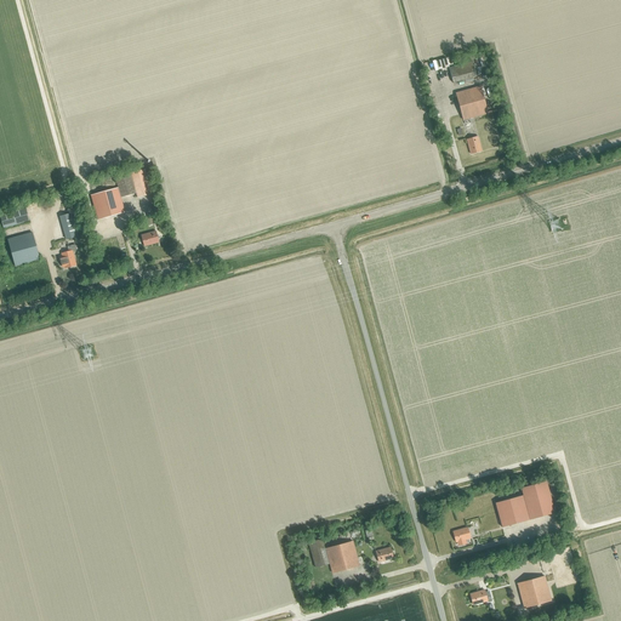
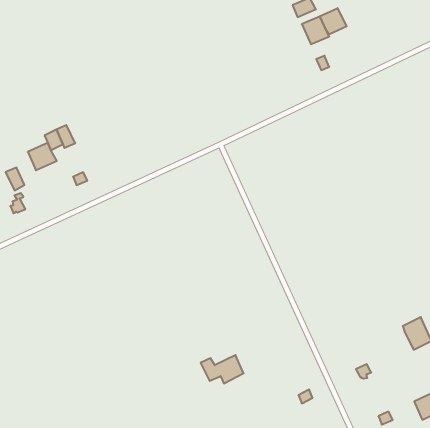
building: none -> [320,8,347,34]
building: [492,494,528,525] -> none
building: [308,539,359,572] -> [201,355,244,383]

